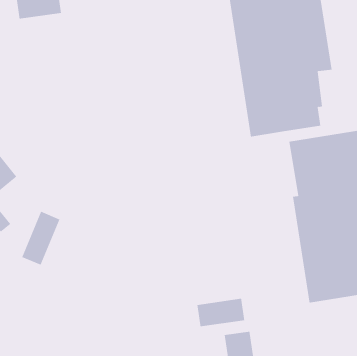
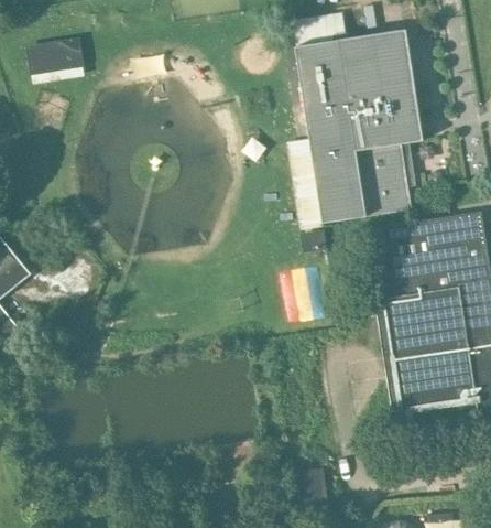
building: [21,211,60,266] -> none
building: [197,298,245,327] -> none

